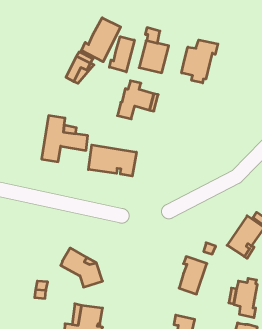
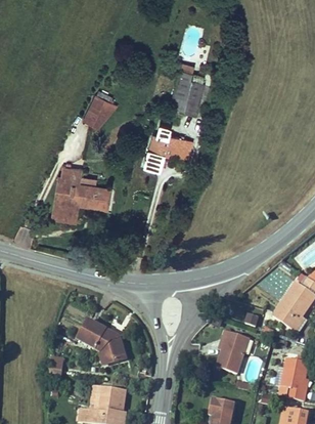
building: [81,18,121,62] -> none
building: [109,37,134,72] -> none
building: [182,40,218,83] -> none
building: [88,145,136,176] -> none

